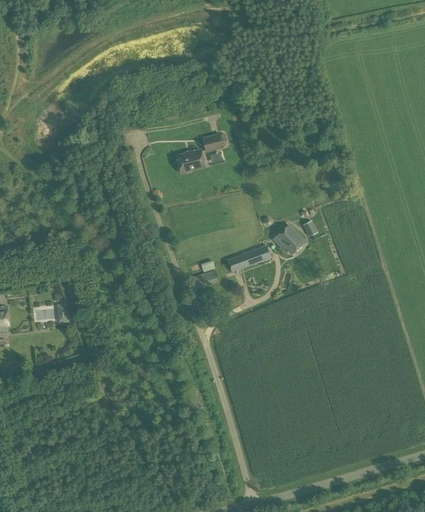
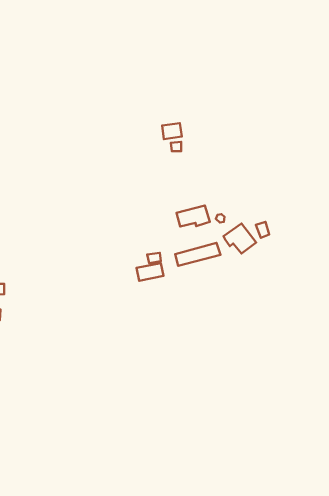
building: [176,149,205,172] -> none
building: none -> [177,206,210,226]

